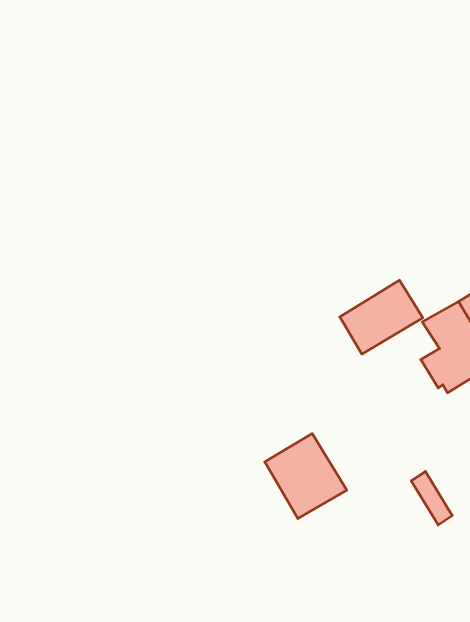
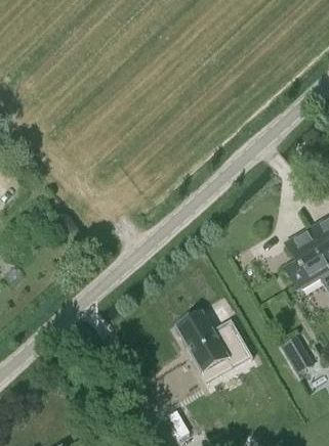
building: [340,280,423,354] -> none

